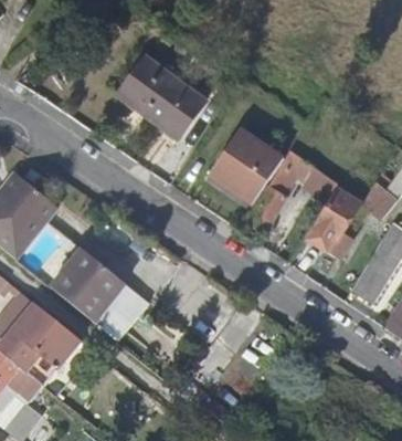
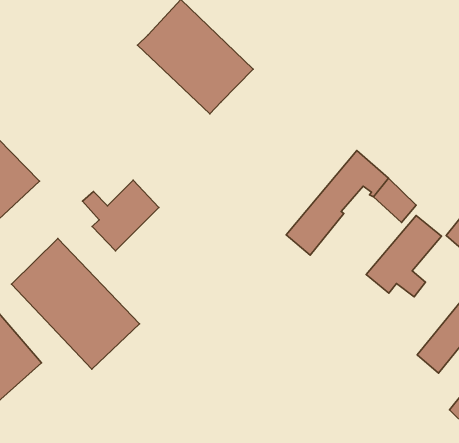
building: [208,126,281,201] -> none
building: none -> [82,180,159,251]

